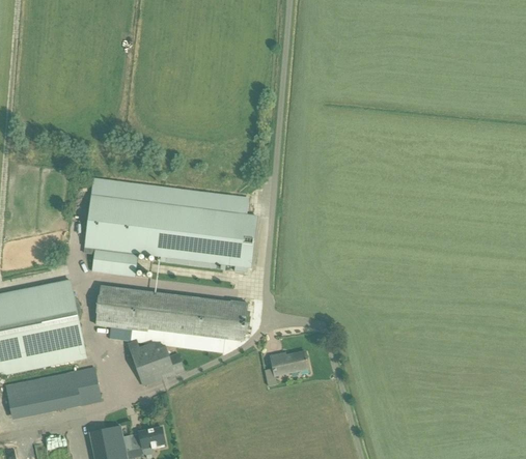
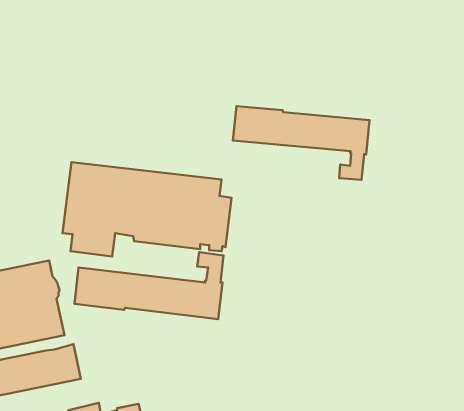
building: none -> [233,106,370,180]
building: [124,328,183,384] -> none
building: [270,349,308,374] -> none

